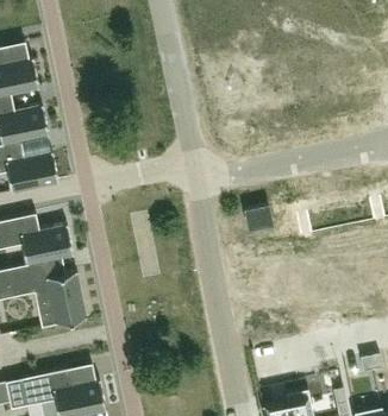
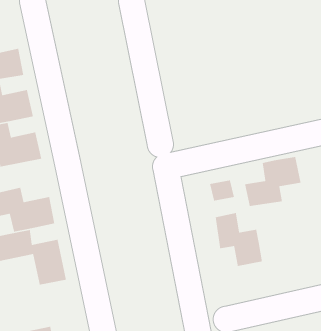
building: none -> [244,156,301,207]
building: none -> [215,212,263,267]

